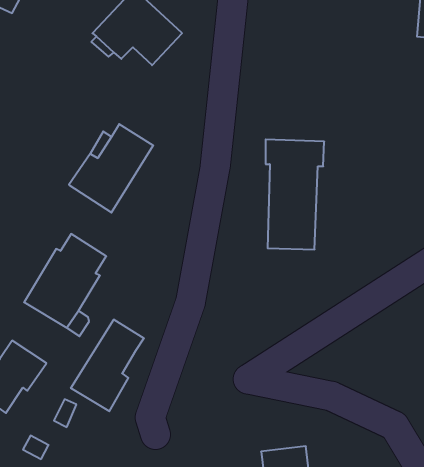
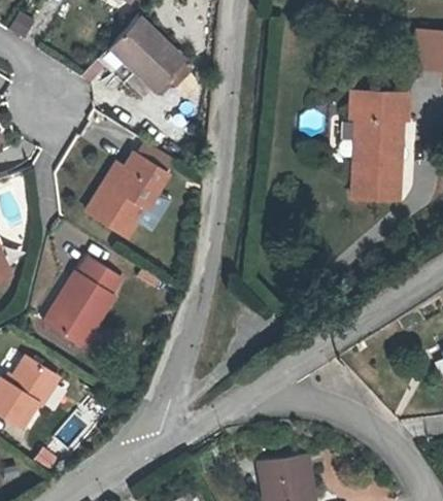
building: [266,139,324,249] -> [359,83,415,190]
building: [71,319,144,411] -> none

